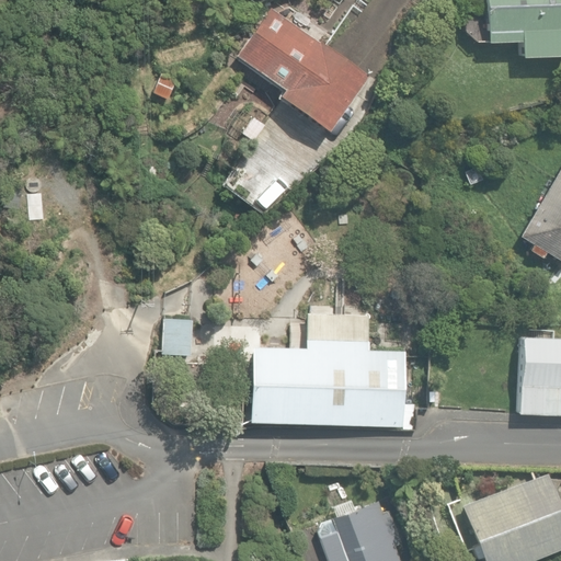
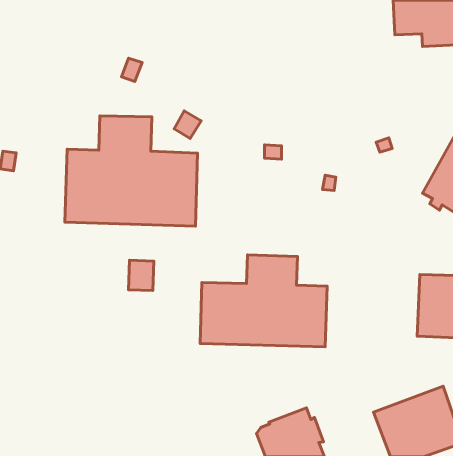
building: [238,9,368,131] -> none
building: none -> [65,116,198,226]

